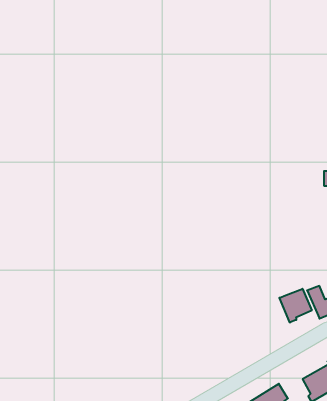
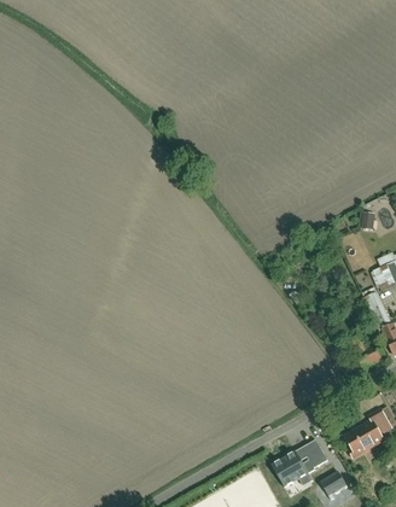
building: [279,289,312,323] -> none

